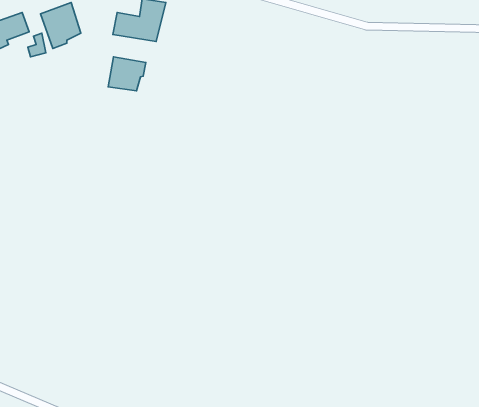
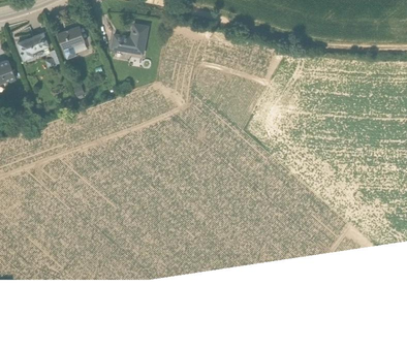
building: [108,57,146,91] -> none

